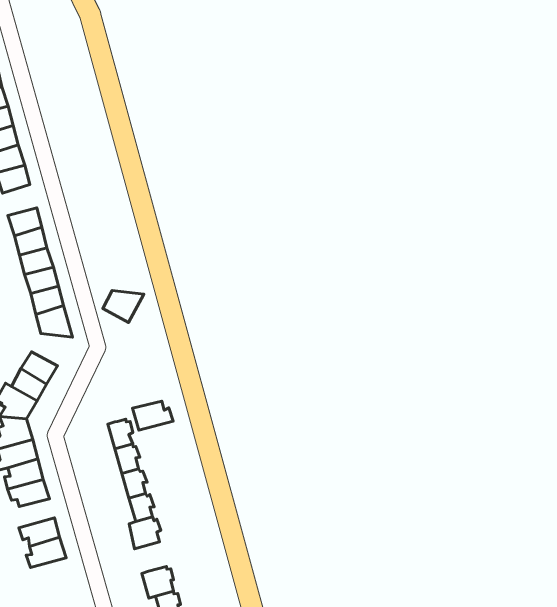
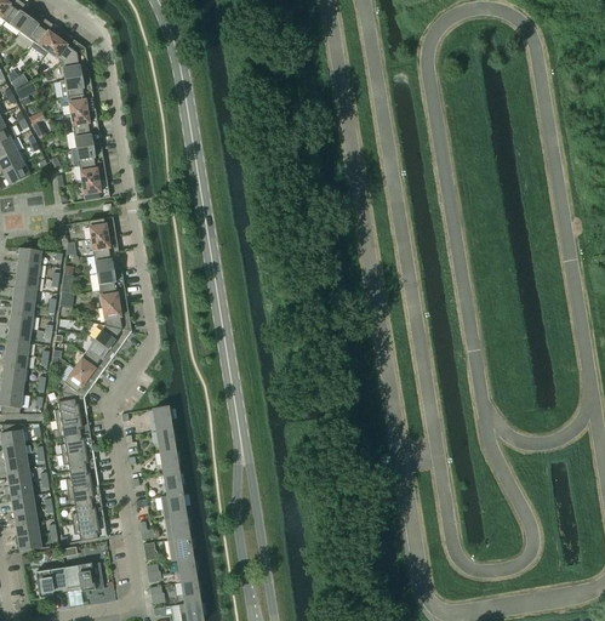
building: [103,290,144,323] -> [95,325,131,354]
building: [132,401,173,430] -> none
building: none -> [65,467,98,489]
building: none -> [164,514,190,540]
building: none -> [73,519,107,541]

